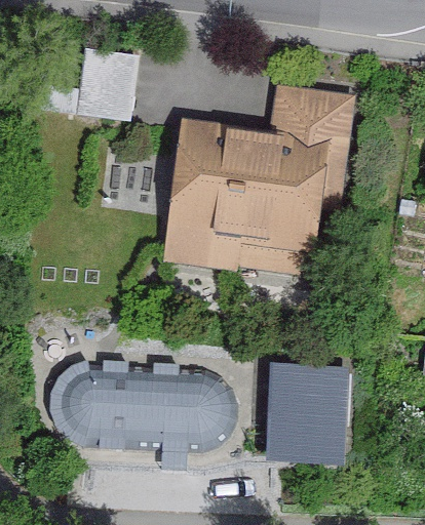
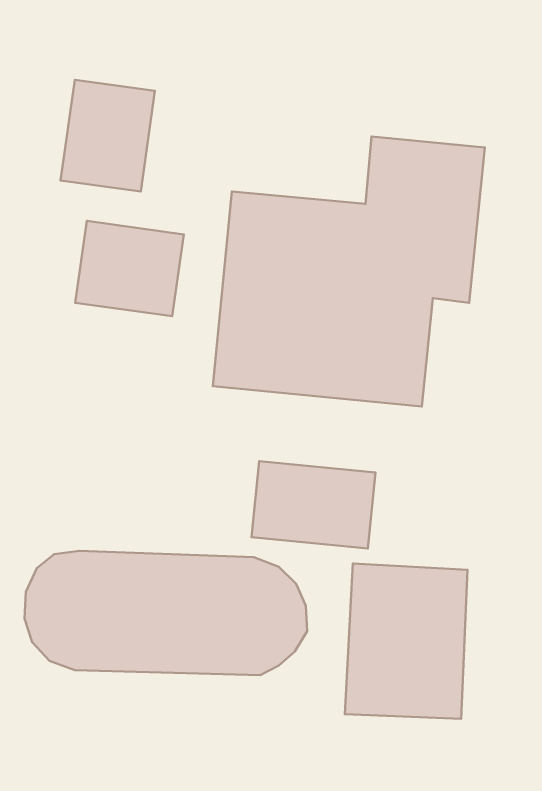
building: none -> [75,221,184,316]
building: none -> [252,461,375,549]

